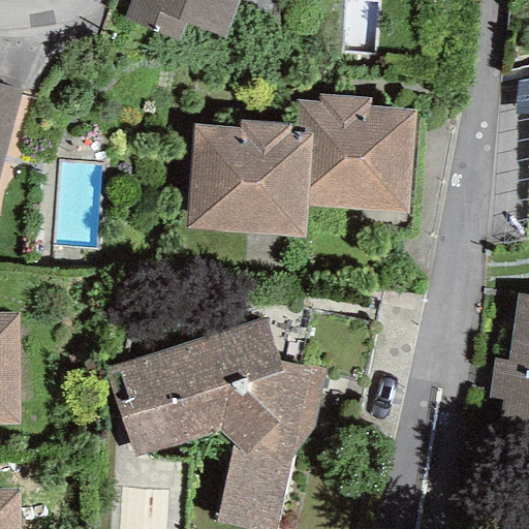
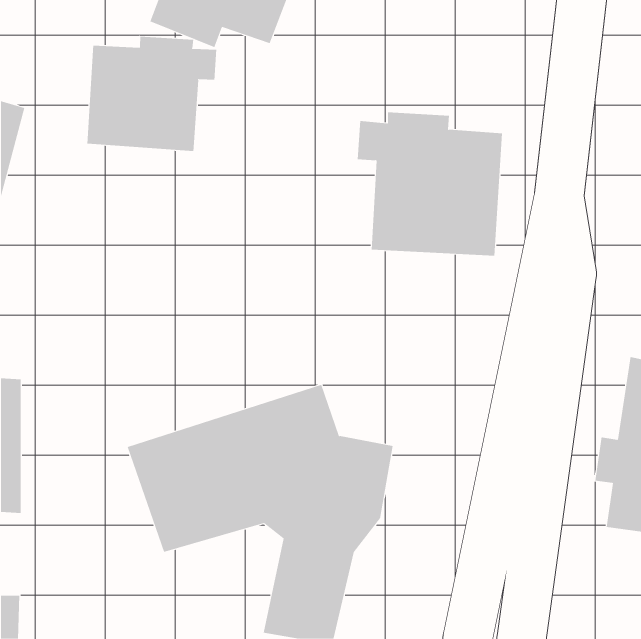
building: none -> [87,36,217,152]
building: [186,119,310,234] -> none

